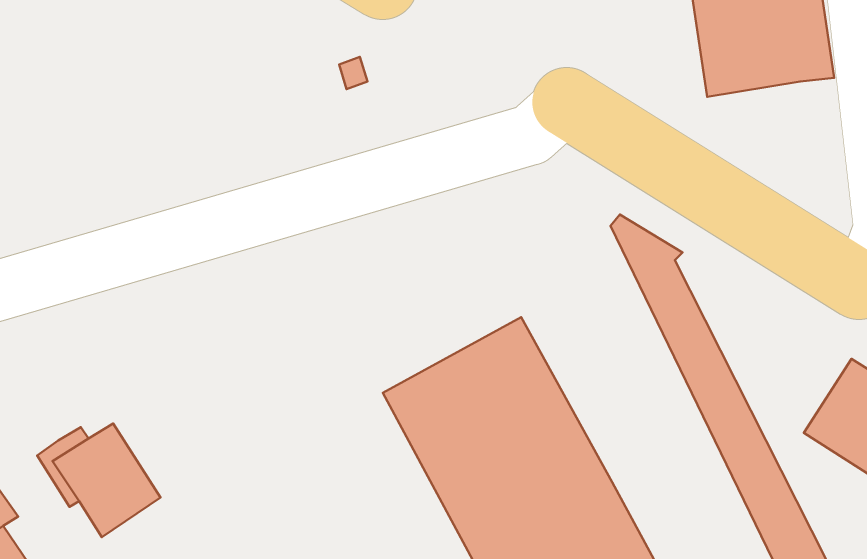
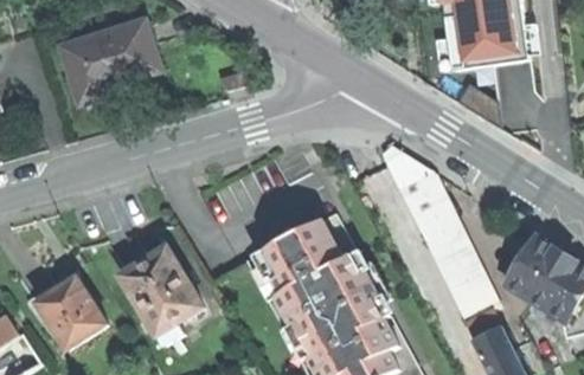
building: none -> [63,18,161,101]
building: none -> [118,246,201,344]

